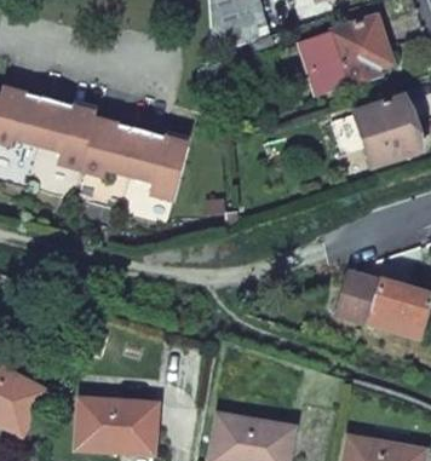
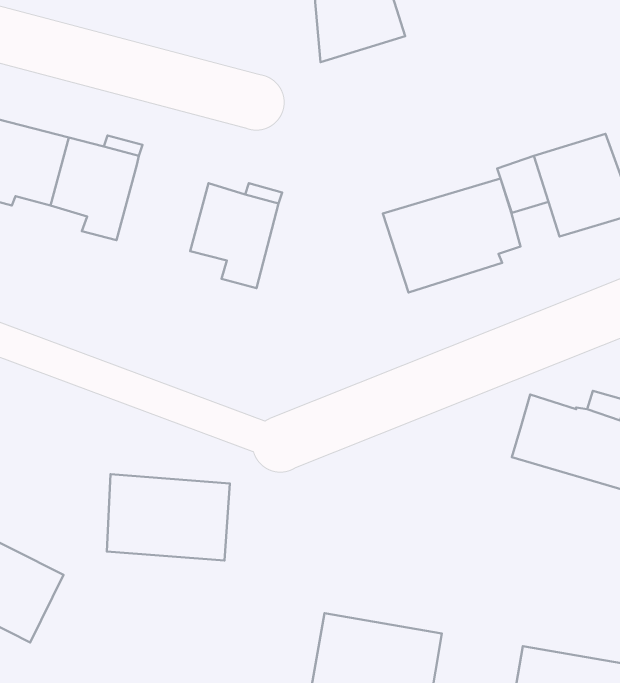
building: [300,19,391,94] -> [383,178,521,292]
building: [80,119,140,175] -> none
building: [76,397,157,454] -> [107,474,230,561]

